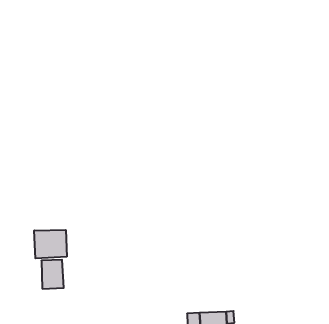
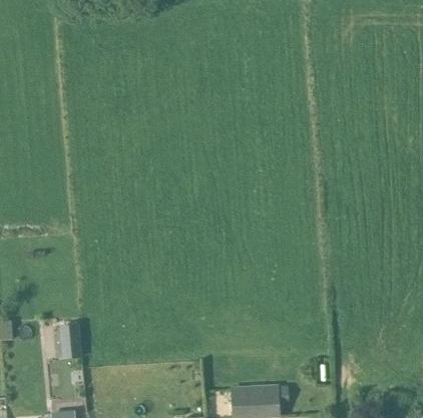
building: [34,230,67,258] -> none

